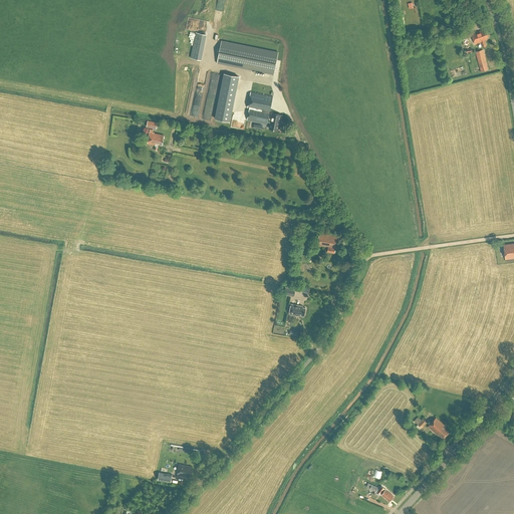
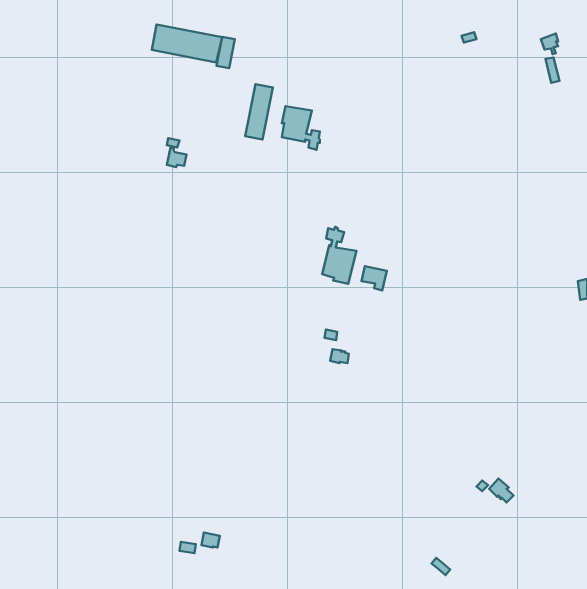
building: [216,41,277,74] -> [152,25,222,63]
building: none -> [322,227,357,284]

